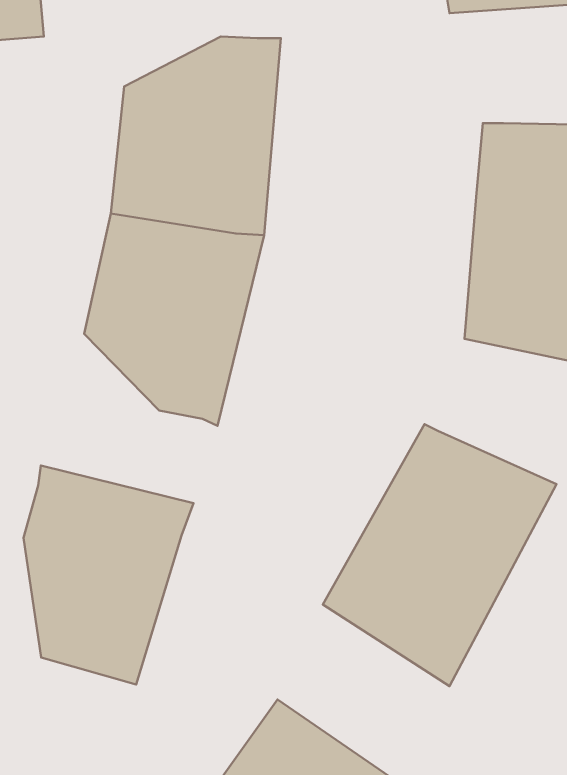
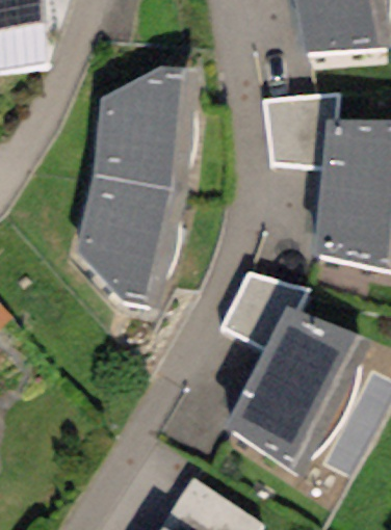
building: none -> [263,95,340,166]
building: none -> [219,272,310,348]
building: [24,466,194,685] -> none

